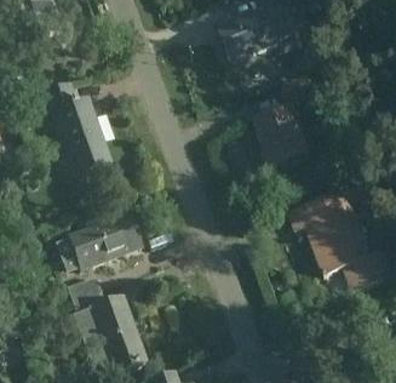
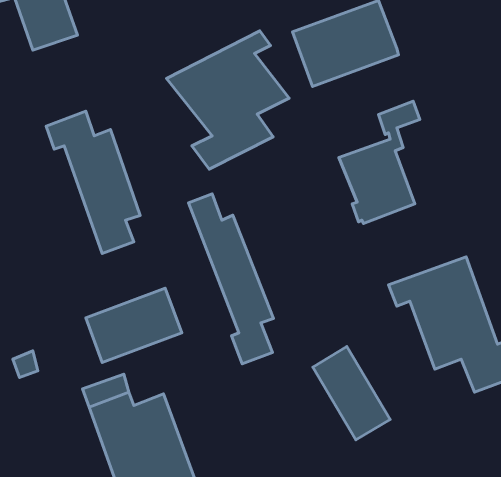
building: none -> [166,31,289,169]
building: none -> [188,194,274,364]
building: none -> [313,347,390,440]

